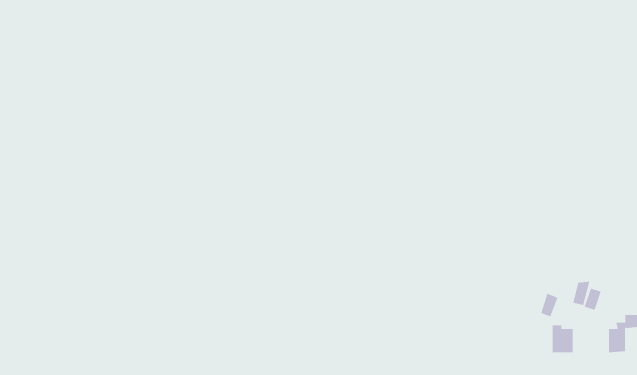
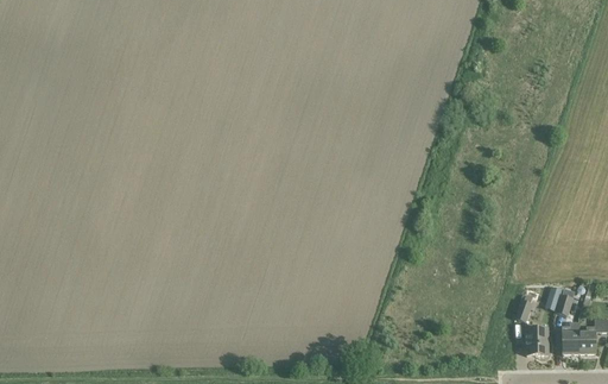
building: none -> [562,322,578,353]

